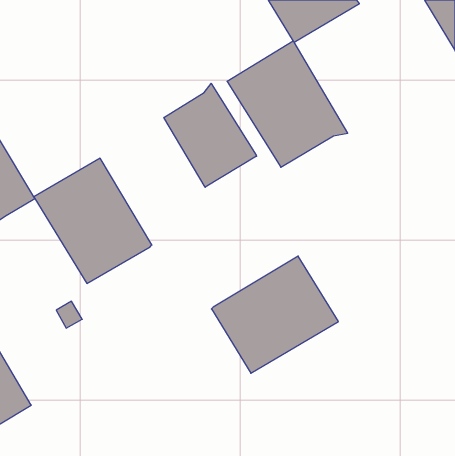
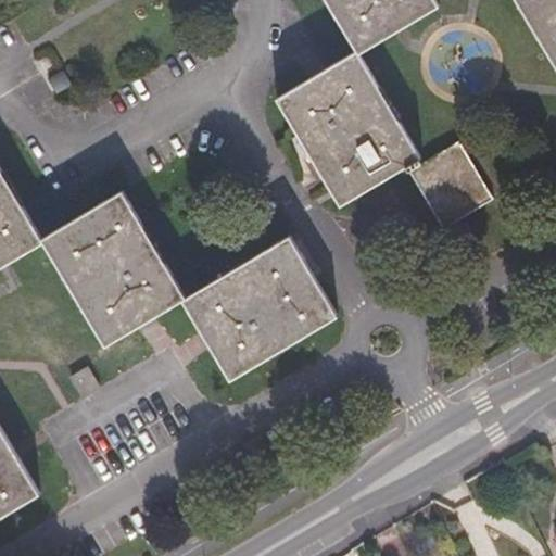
building: [164,83,257,187] -> none
building: none -> [405,141,492,227]
building: [211,256,338,373] -> [182,237,337,379]

